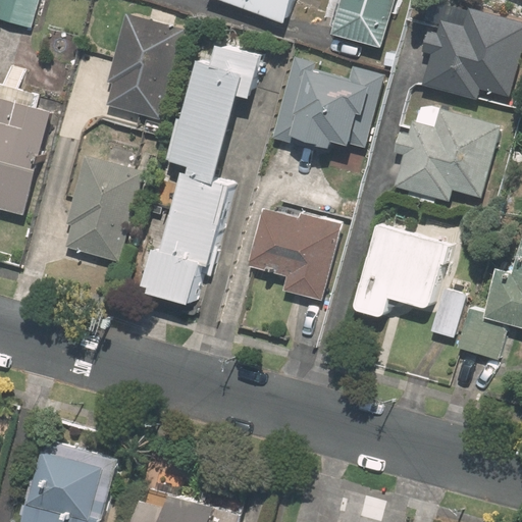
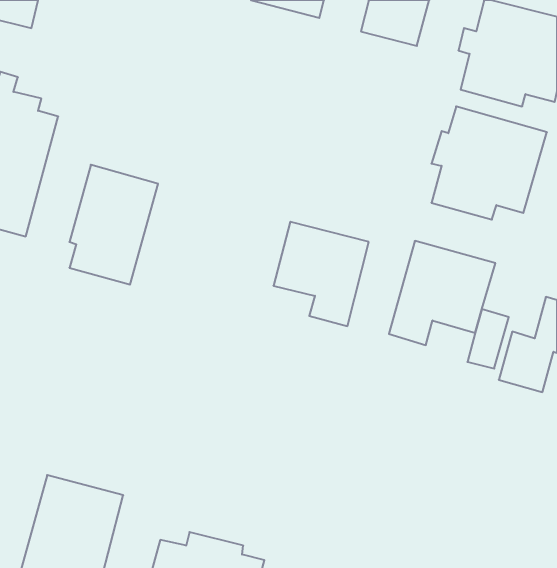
building: [102,10,180,116] -> none
building: [147,42,265,301] -> none
building: [270,59,381,148] -> none

